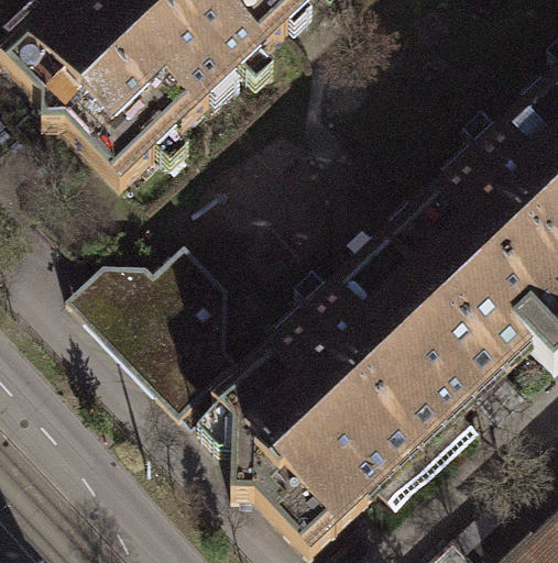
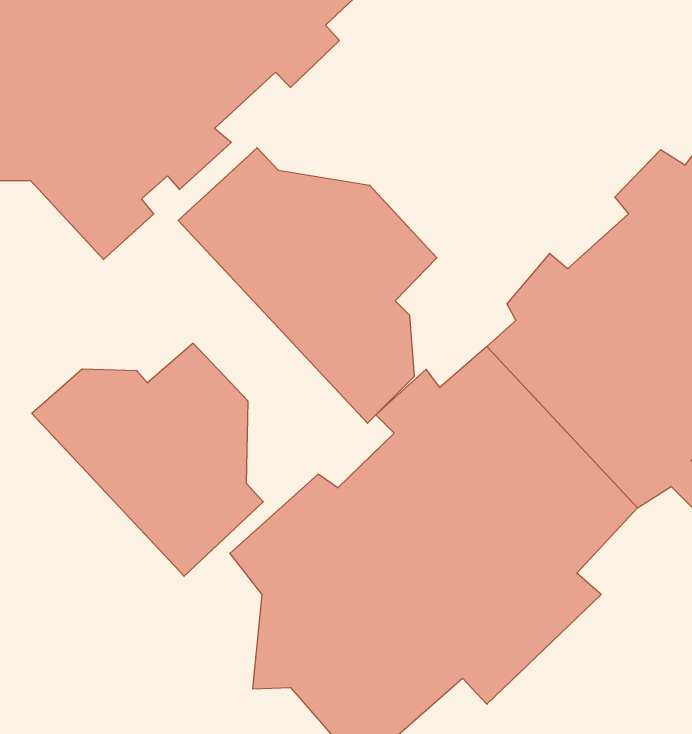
building: none -> [178,148,437,423]

